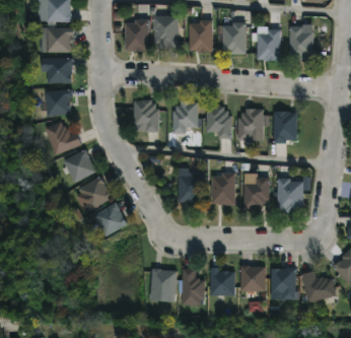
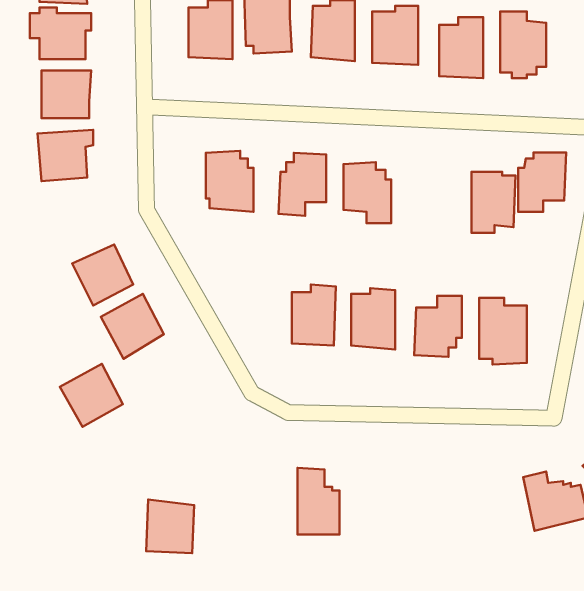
building: [237,110,263,141] -> [518,153,566,212]
building: [43,122,79,155] -> none
building: [92,203,126,236] -> [60,364,123,427]
building: [240,266,266,291] -> none
building: [271,267,296,298] -> none
building: [151,269,177,297] -> [146,500,194,553]
building: [210,269,234,296] -> none

